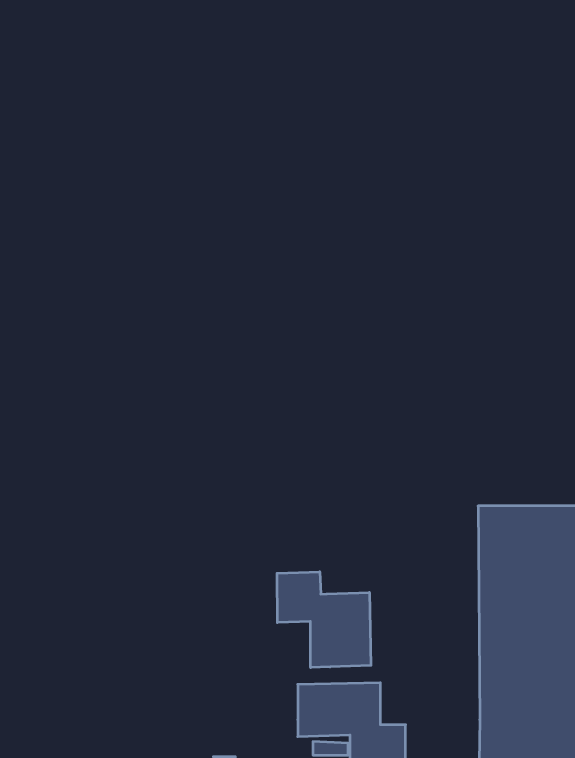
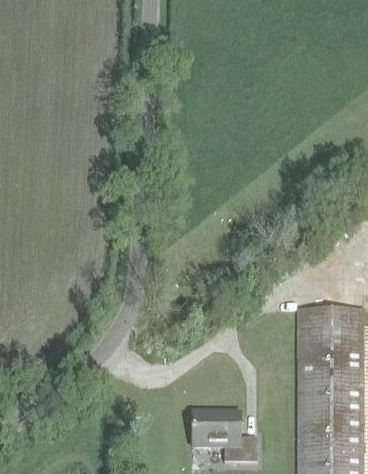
building: [277,572,371,668] -> none

